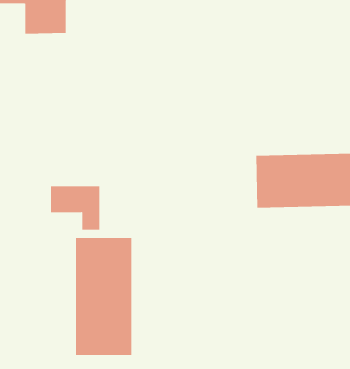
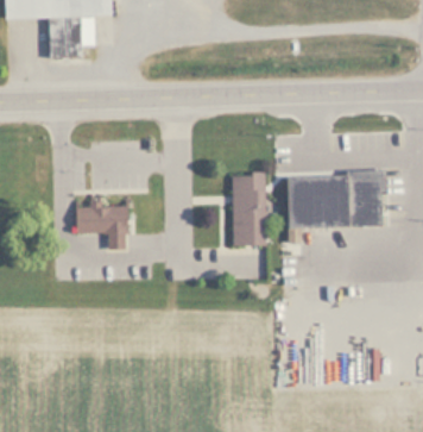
building: none -> [233,171,266,243]
building: [76,237,132,356] -> none

